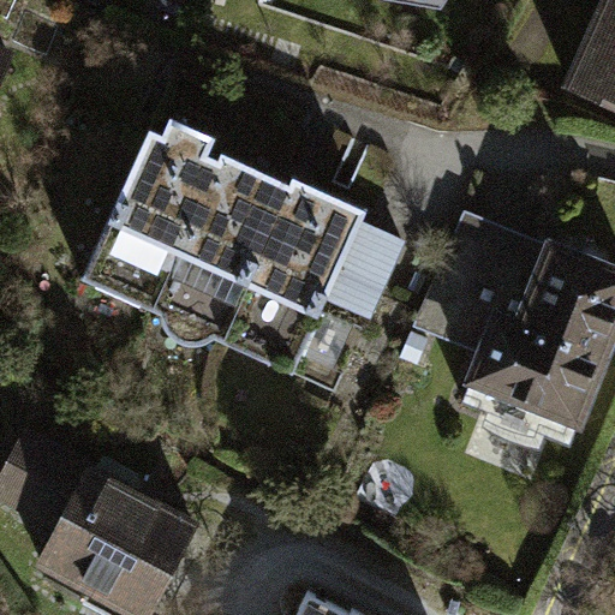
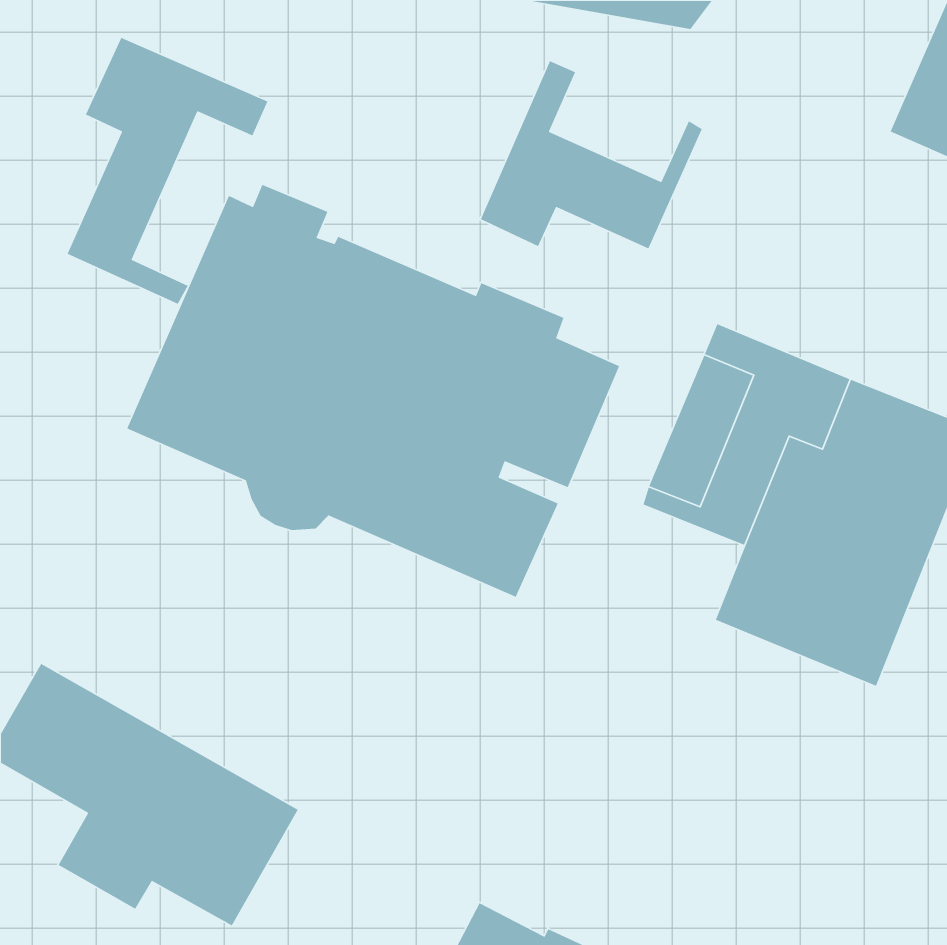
building: none -> [67,37,269,305]
building: none -> [480,60,703,250]

